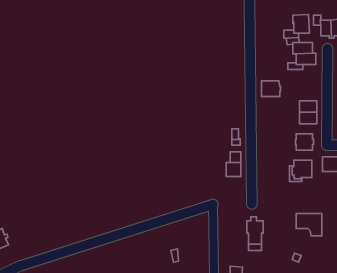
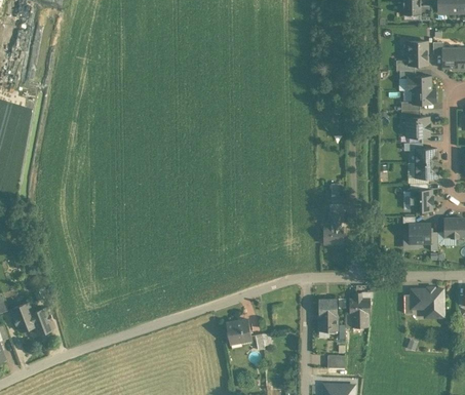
building: [262,81,281,97] -> [405,117,429,136]
building: none -> [318,299,337,333]
building: none -> [226,320,251,343]

